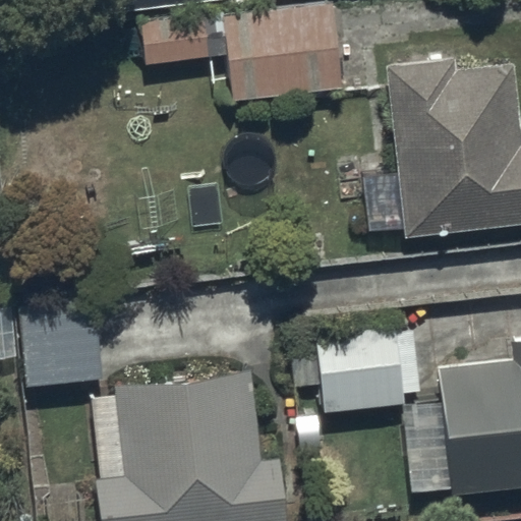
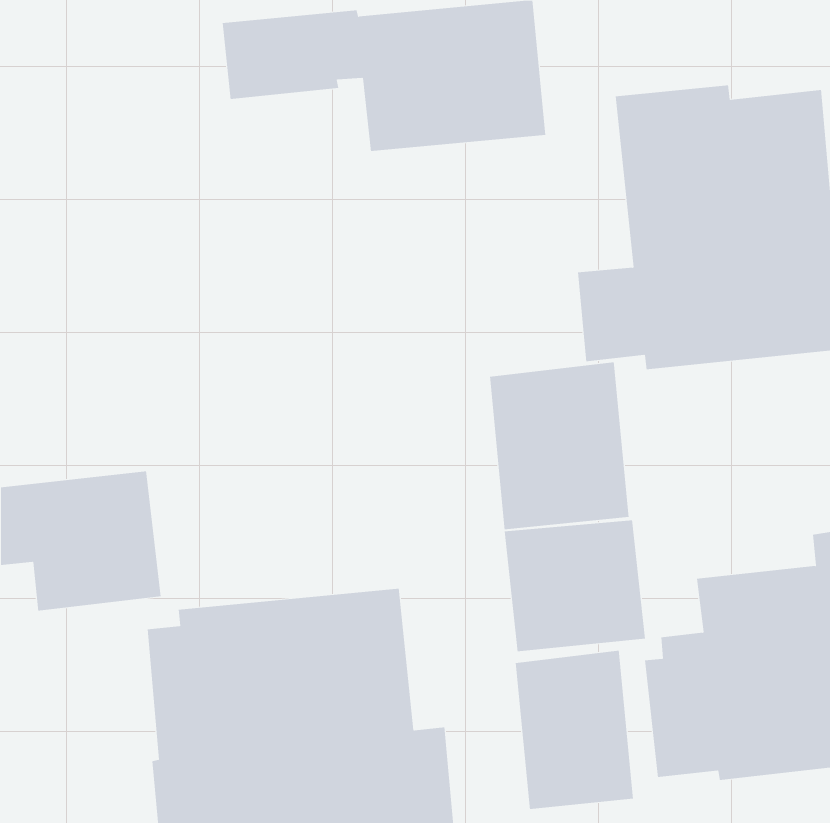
building: none -> [489,361,629,530]
building: none -> [515,650,634,810]

